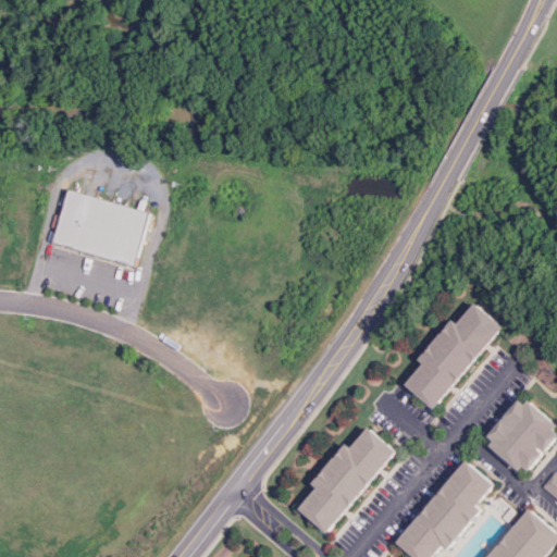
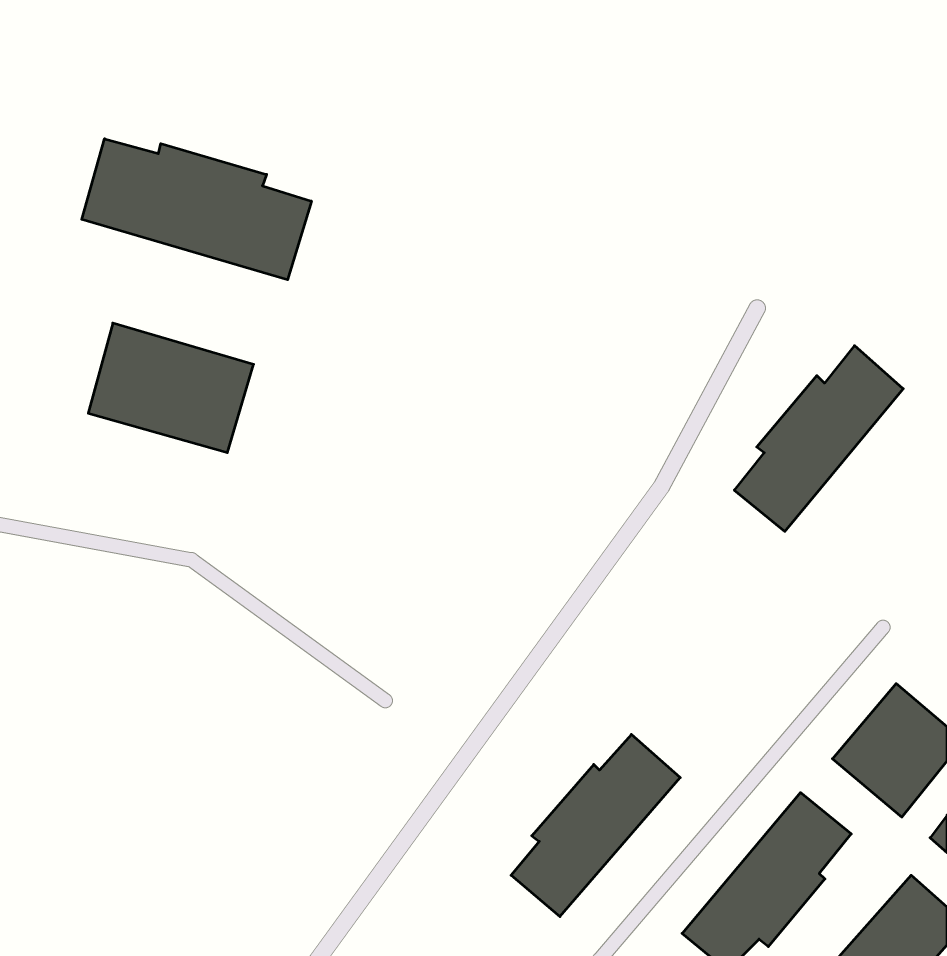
building: none -> [82,139,311,280]
building: [403,302,500,410] -> [734,346,903,531]

